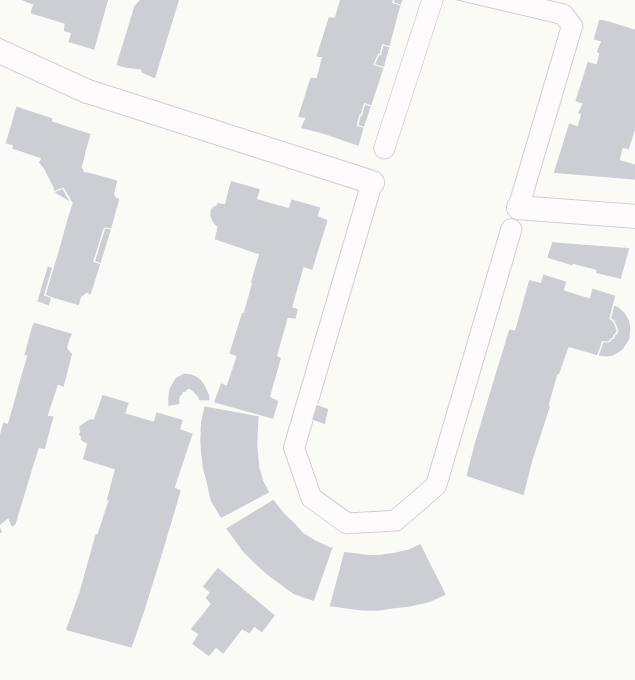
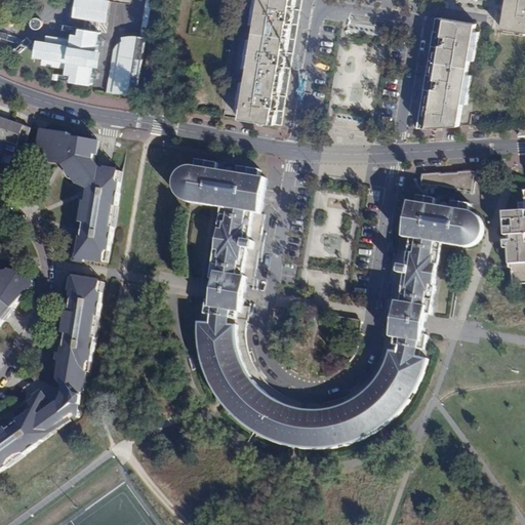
building: none -> [169,166,191,202]
building: [168,373,210,407] -> none
building: [65,394,193,649] -> none
building: none -> [360,345,428,420]
building: [190,567,276,657] -> none

